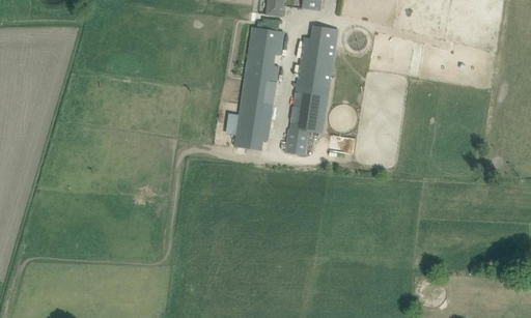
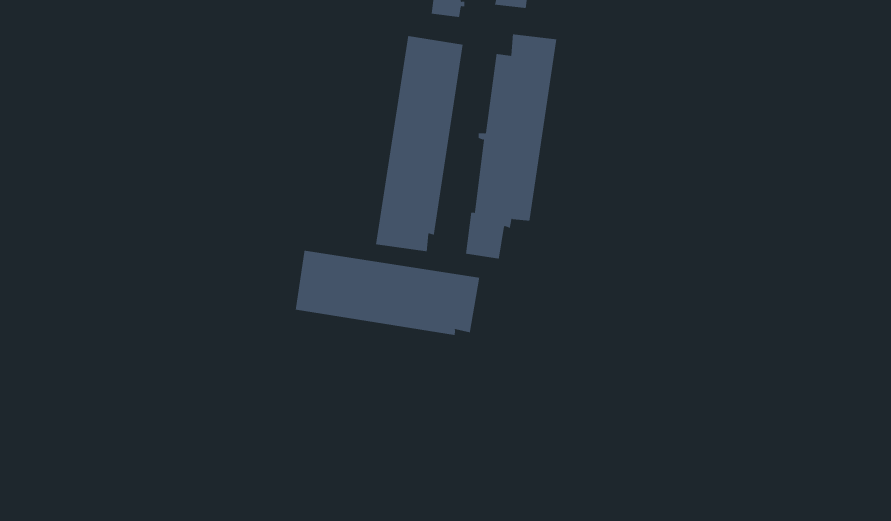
building: none -> [295,250,480,336]

